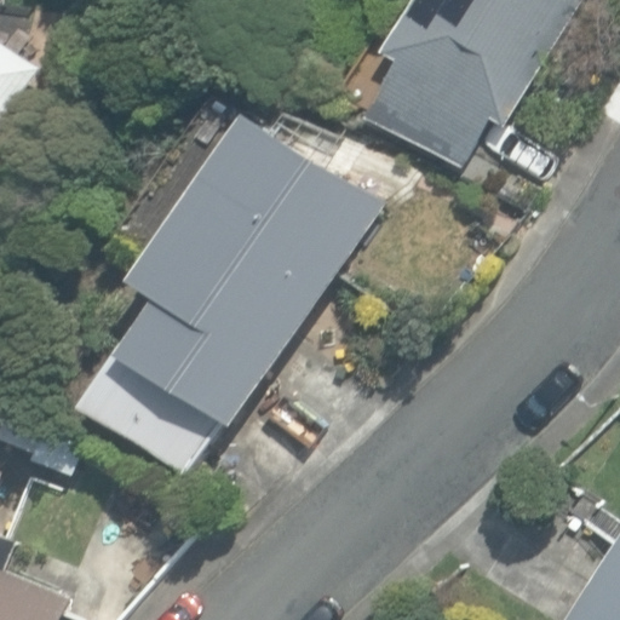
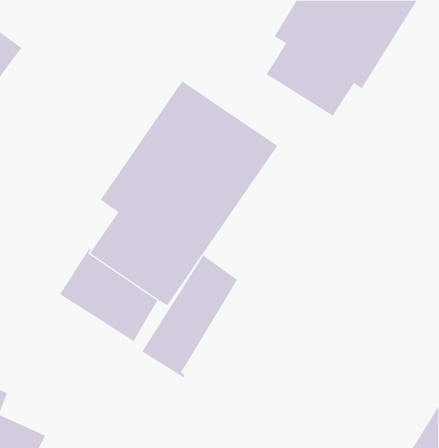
building: none -> [141,254,238,378]

